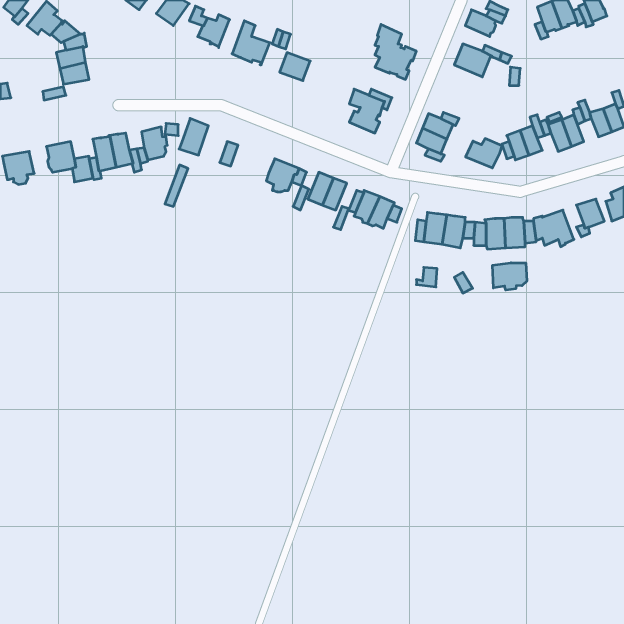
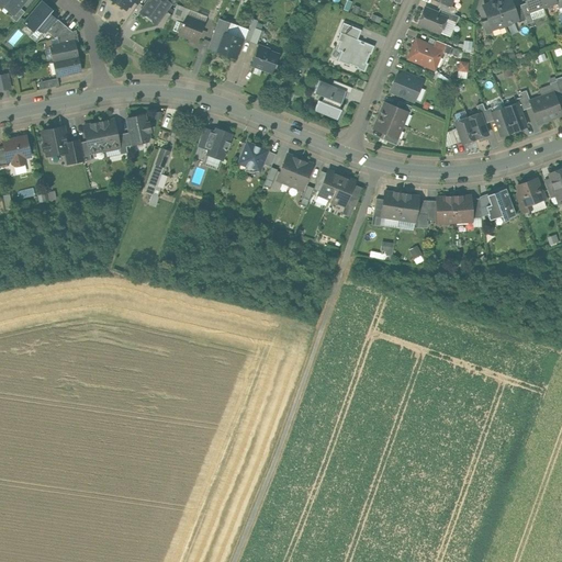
building: [179,118,208,155] -> [205,127,232,160]
building: [466,139,502,168] -> [390,74,423,100]
building: [493,263,527,290] -> none

